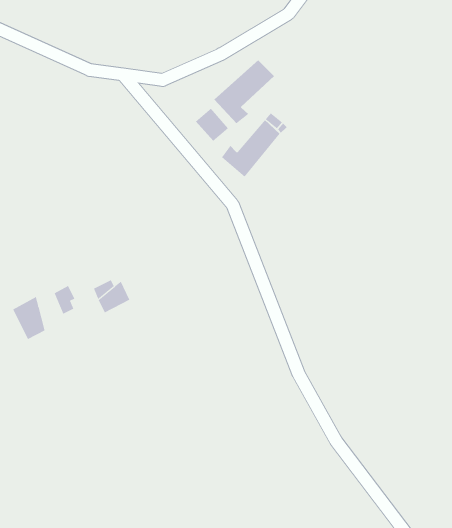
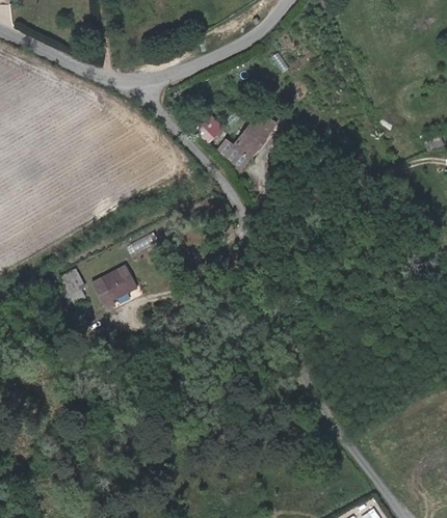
building: [214,60,275,124] -> none
building: [13,296,45,340] -> none

